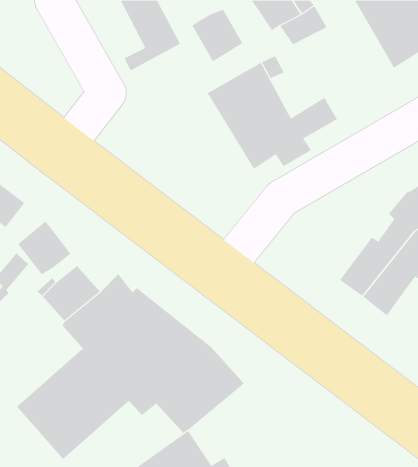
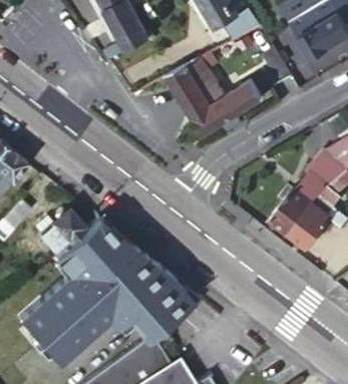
building: [192,9,243,62] -> none
building: [17,221,71,275] -> none

